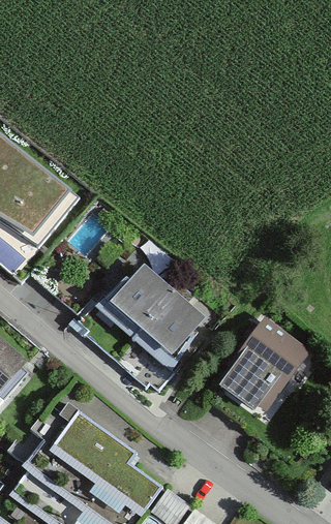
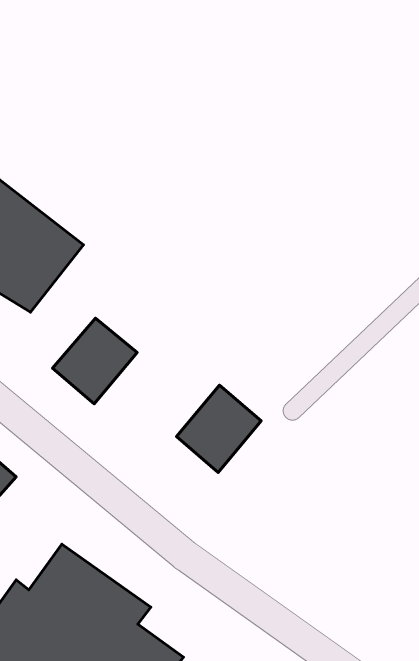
building: [116,269,177,331] -> [53,318,137,404]
building: [216,316,314,419] -> none

